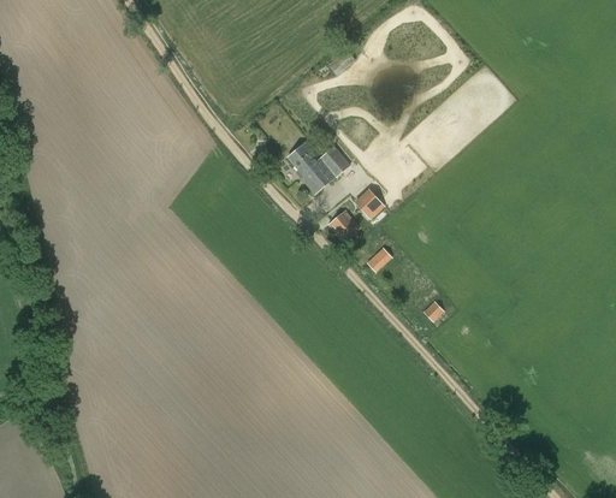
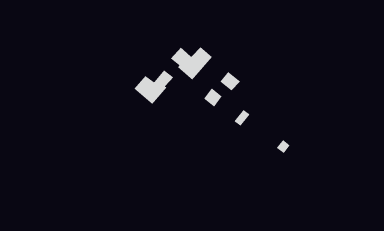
building: none -> [134,69,174,105]

